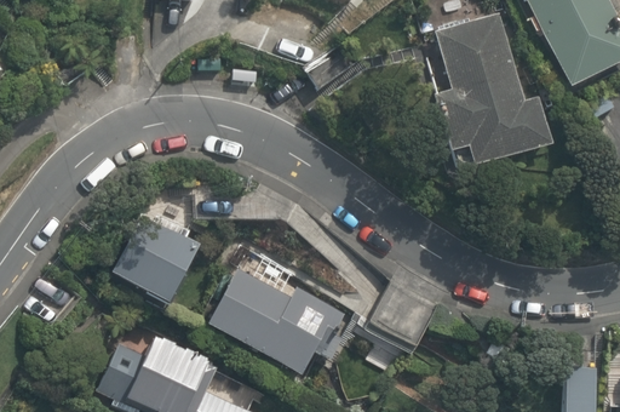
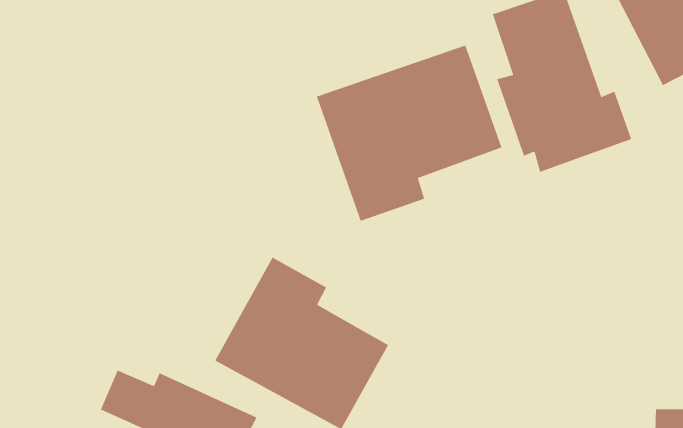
building: none -> [316,45,502,222]
building: [113,206,216,310] -> none

